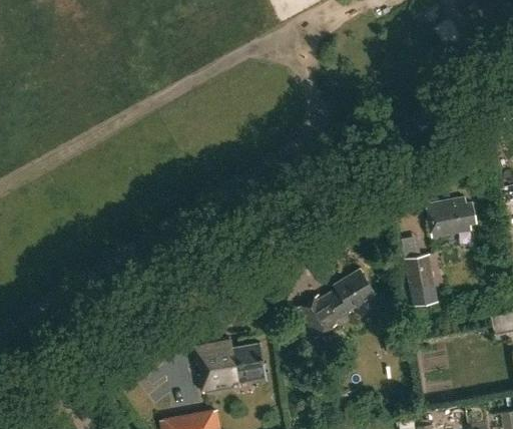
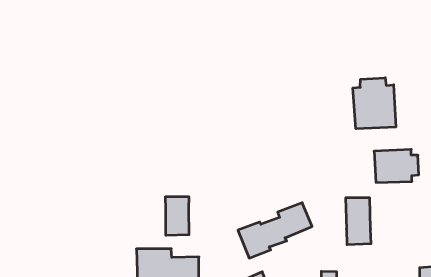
building: none -> [353,78,396,129]
building: none -> [166,197,189,235]

